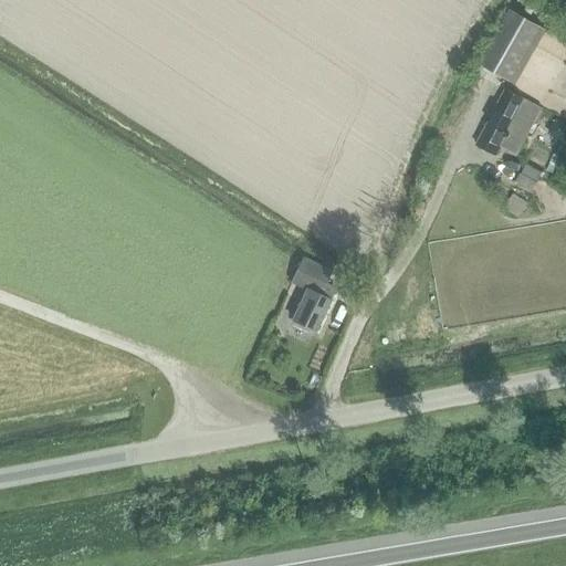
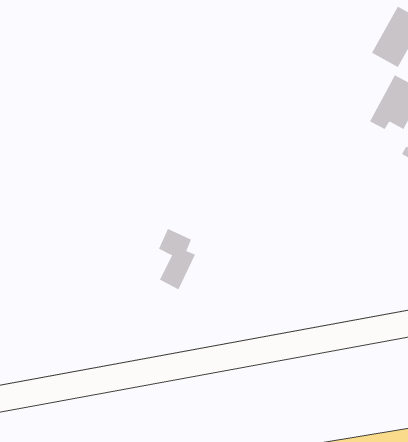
building: [292,259,336,332] -> [158,228,196,290]

